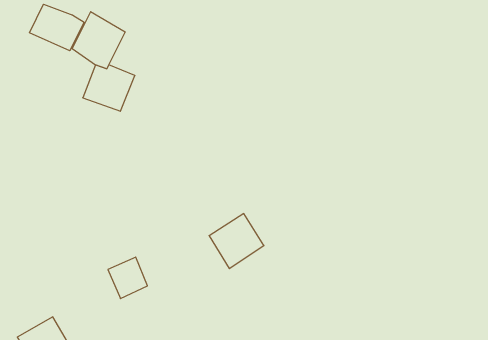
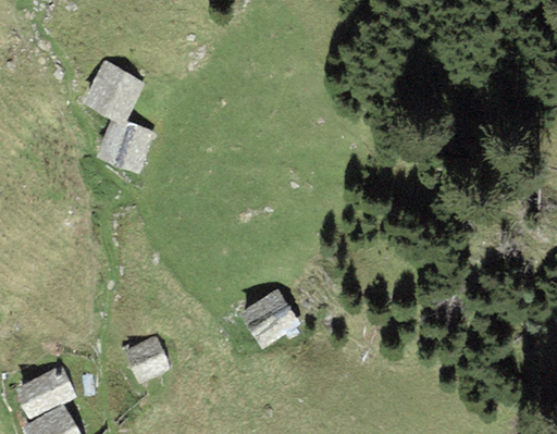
building: [29,4,84,51] -> none
building: none -> [14,364,76,418]

